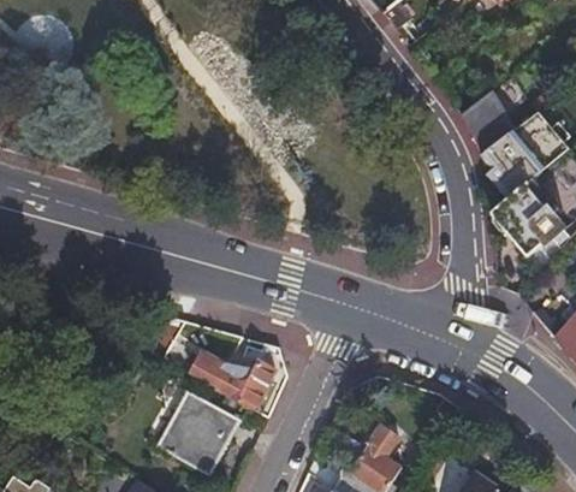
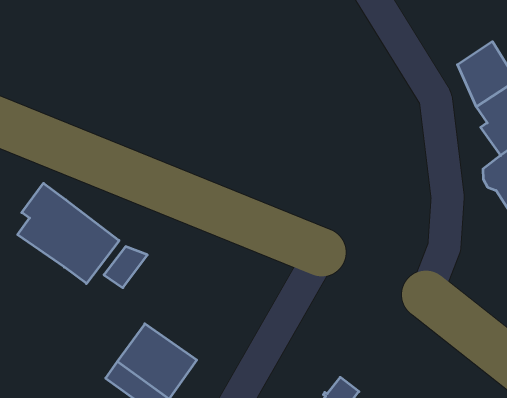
building: none -> [18,183,119,284]
building: [189,357,274,413] -> none

